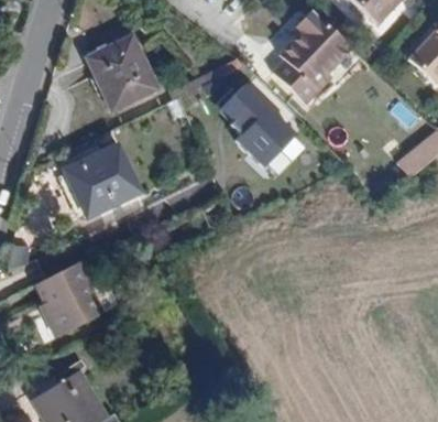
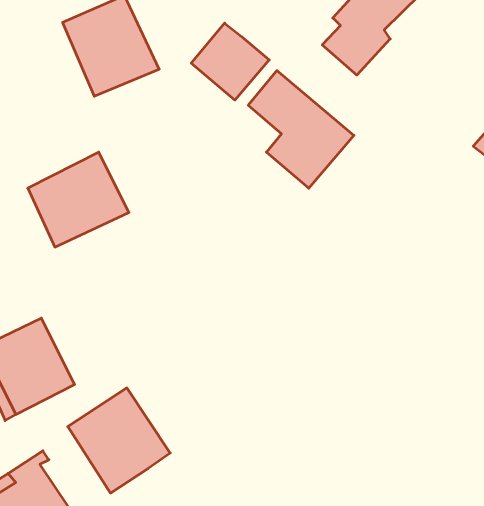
building: none -> [191,23,269,100]
building: none -> [68,388,170,493]

